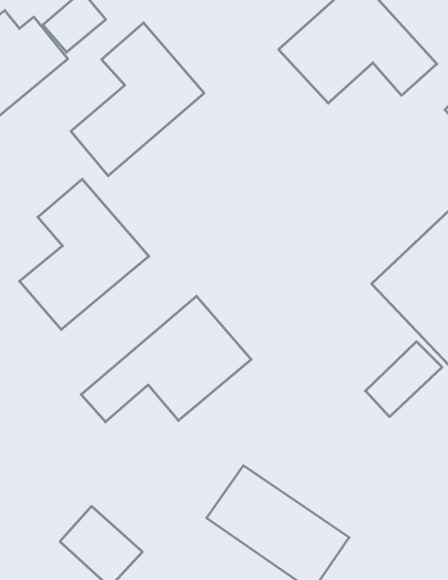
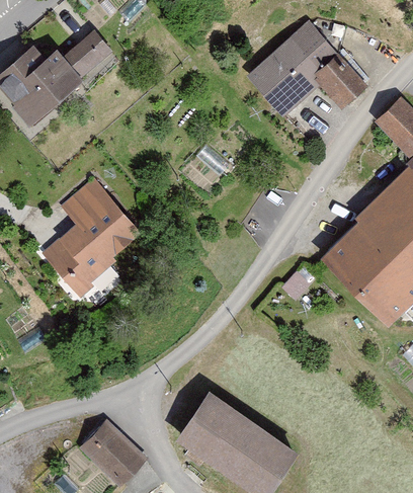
building: [71,23,204,176] -> none
building: [81,296,251,422] -> none
building: [365,342,442,417] -> none

